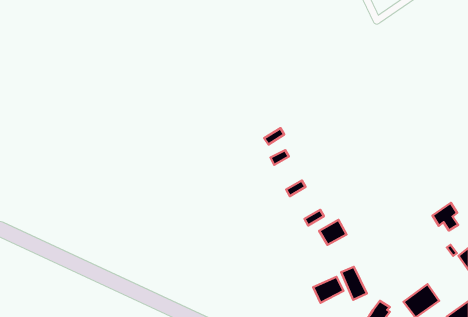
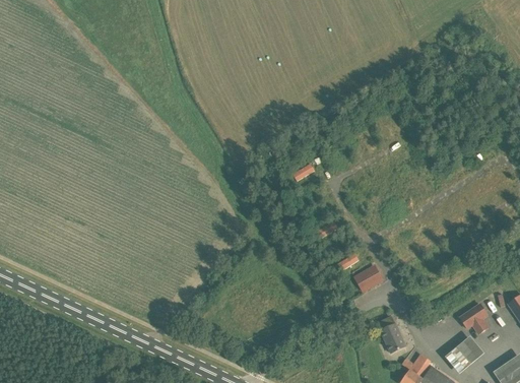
building: [432,203,458,230] -> [460,303,489,333]
building: [313,277,344,303] -> none

